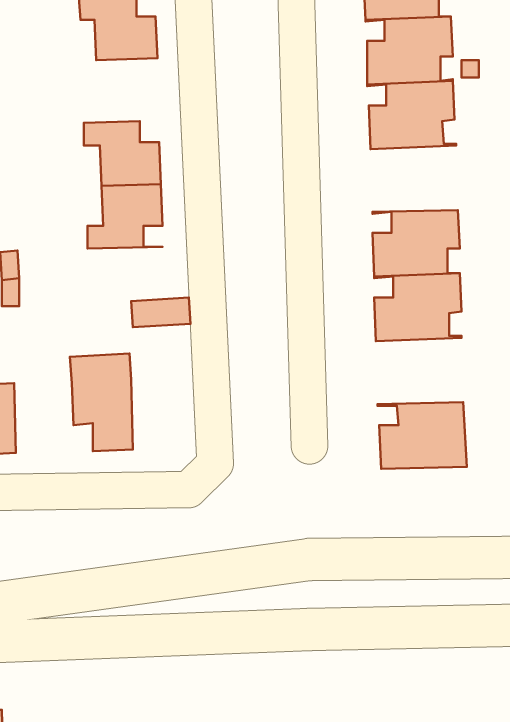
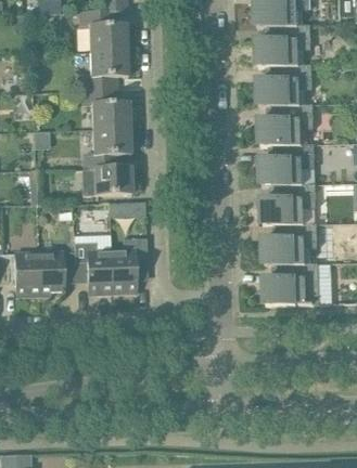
building: none -> [81,50,128,90]
building: none -> [260,104,315,145]
building: none -> [82,167,132,195]
building: none -> [264,223,318,264]
building: none -> [112,237,148,292]
building: none -> [39,250,76,295]

